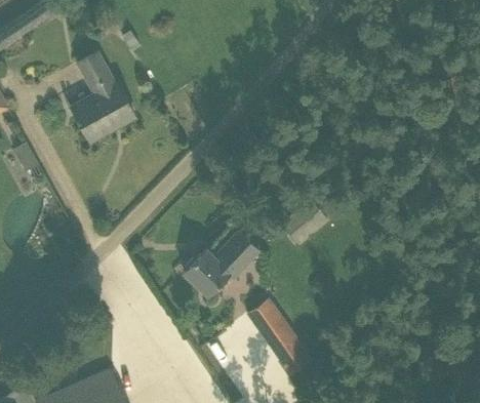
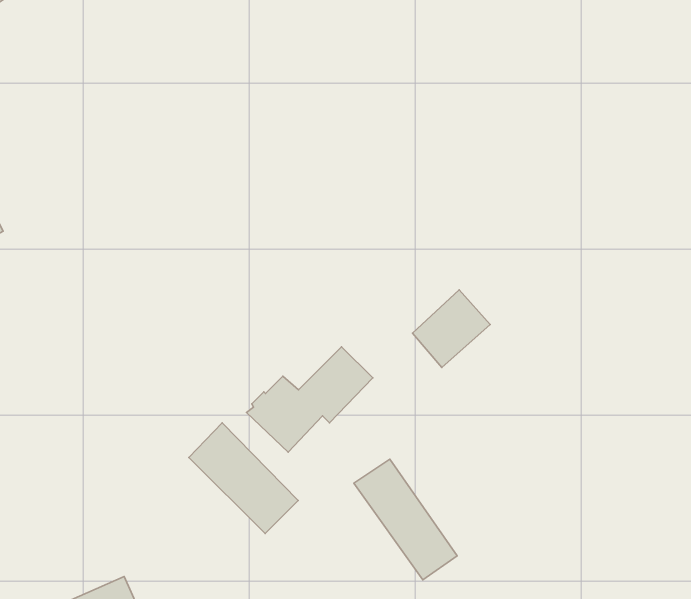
building: [72,52,135,142] -> none
building: none -> [189,423,298,533]

